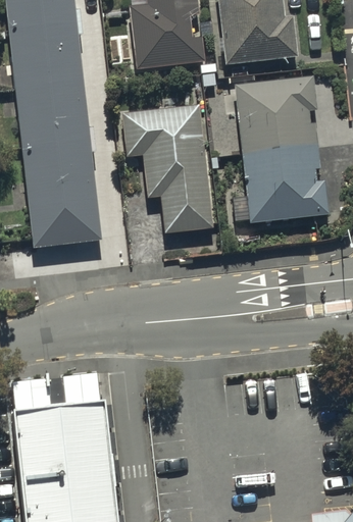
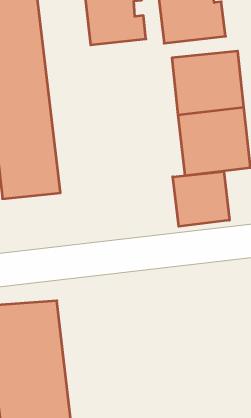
building: [123,104,211,233] -> none
building: none -> [173,171,229,226]

